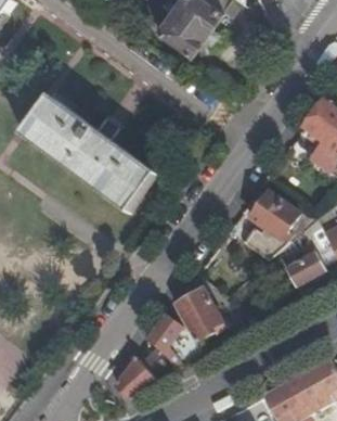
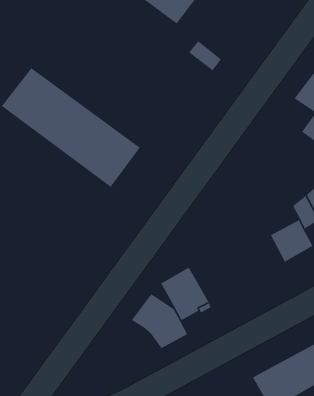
building: [244,193,298,259] -> none
building: [114,348,176,397] -> none

